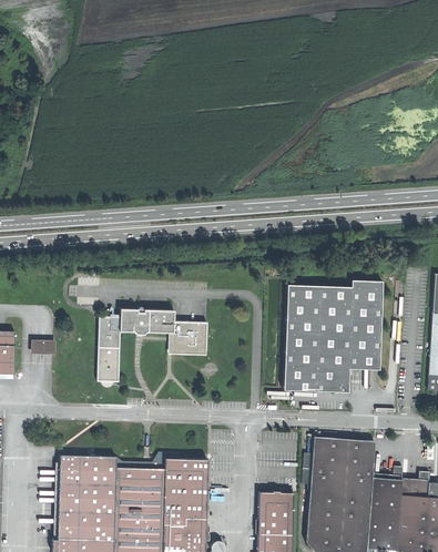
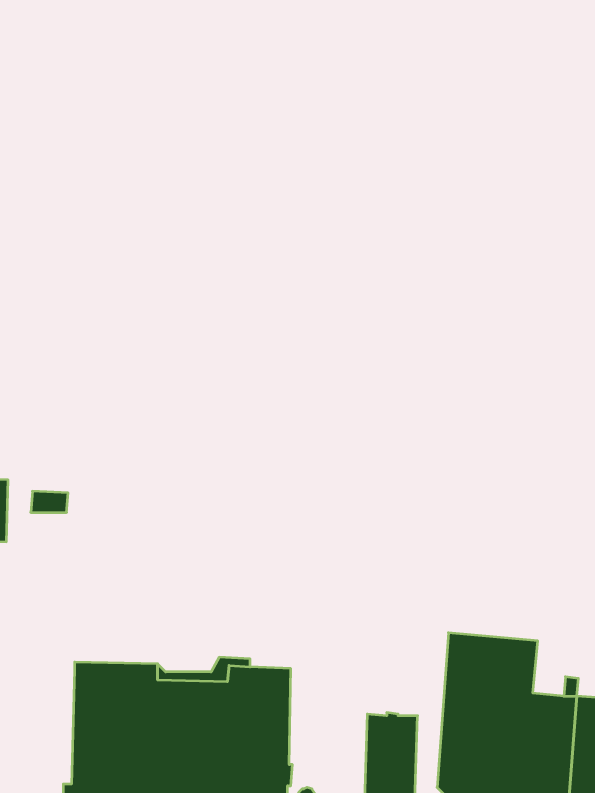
building: [283,280,384,392] -> none
building: [96,308,206,381] -> none

